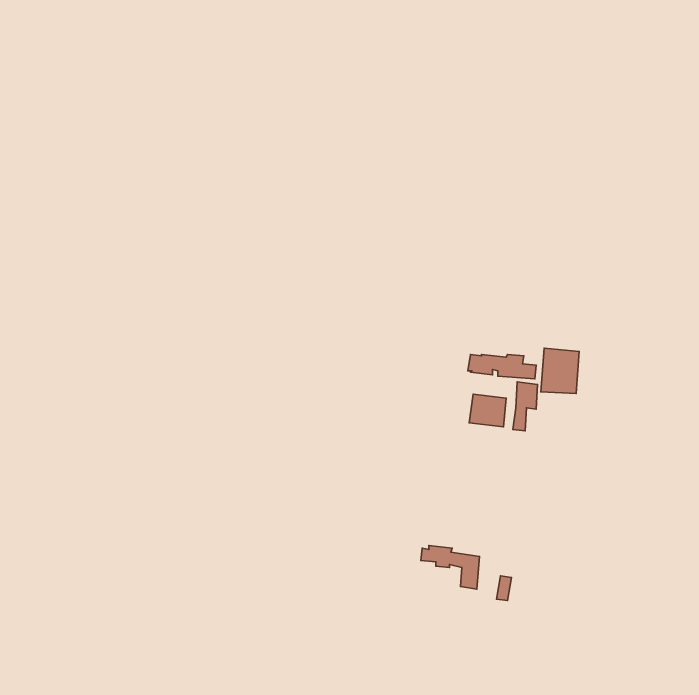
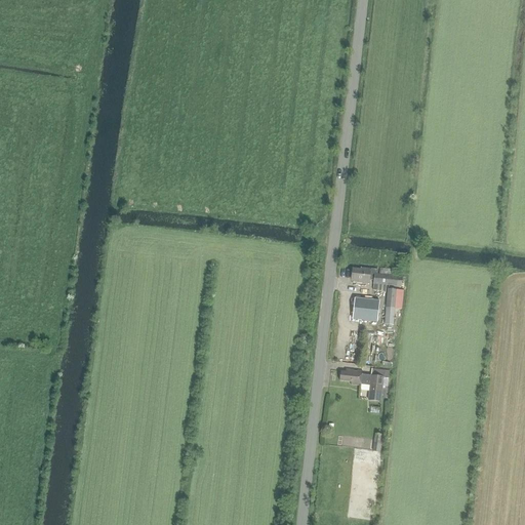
building: [541,348,579,394] -> none
building: [421,545,480,589] -> [339,367,383,400]

